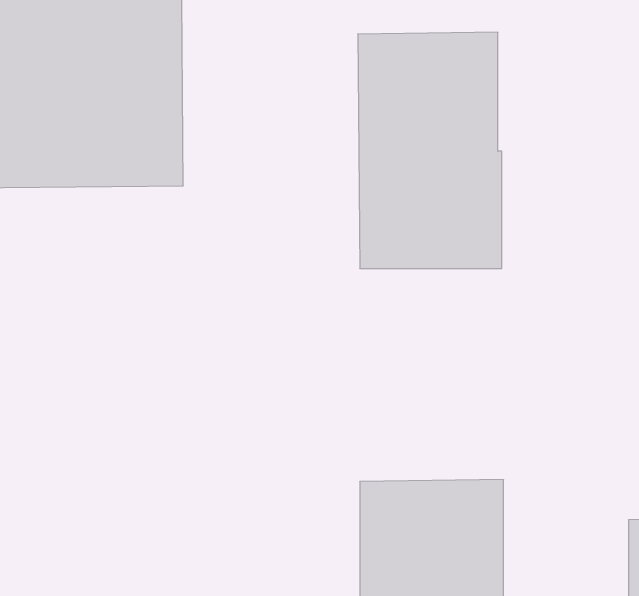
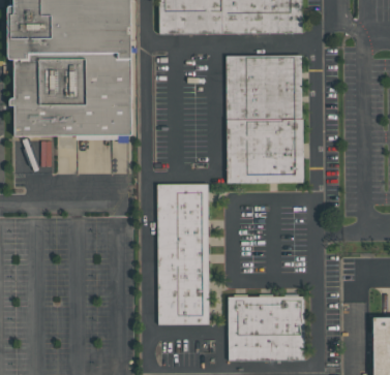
building: none -> [155,183,208,324]

